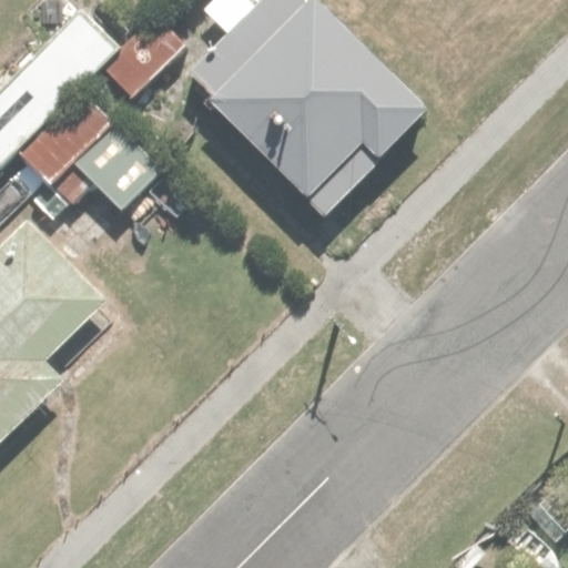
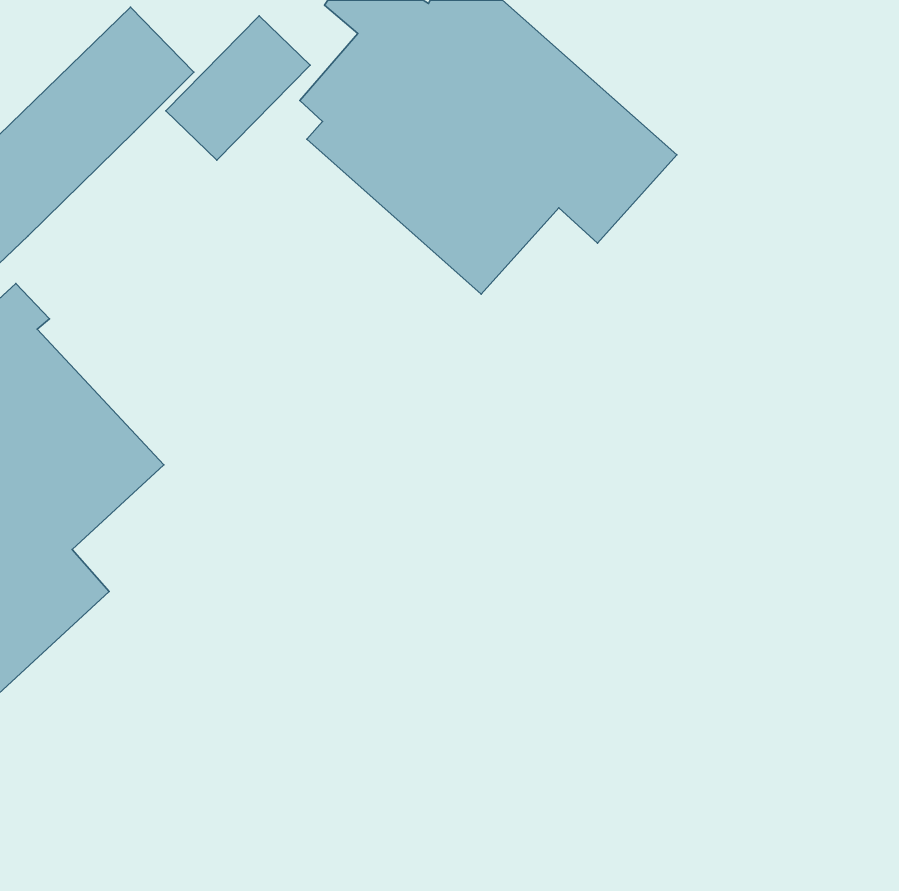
building: [18,89,164,212] -> none

